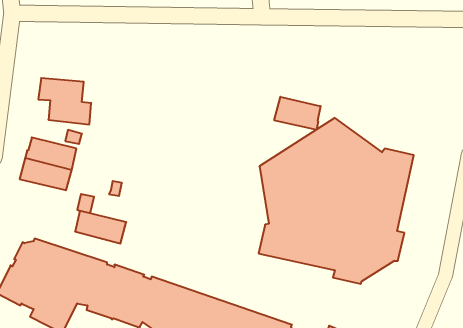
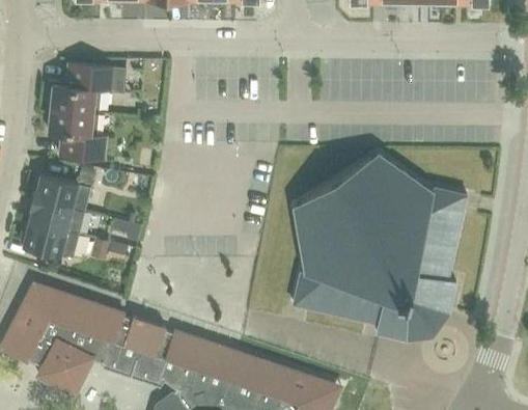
building: none -> [48,63,126,113]
building: [274,97,321,130] -> none
building: [75,211,126,243] -> [22,222,79,258]

